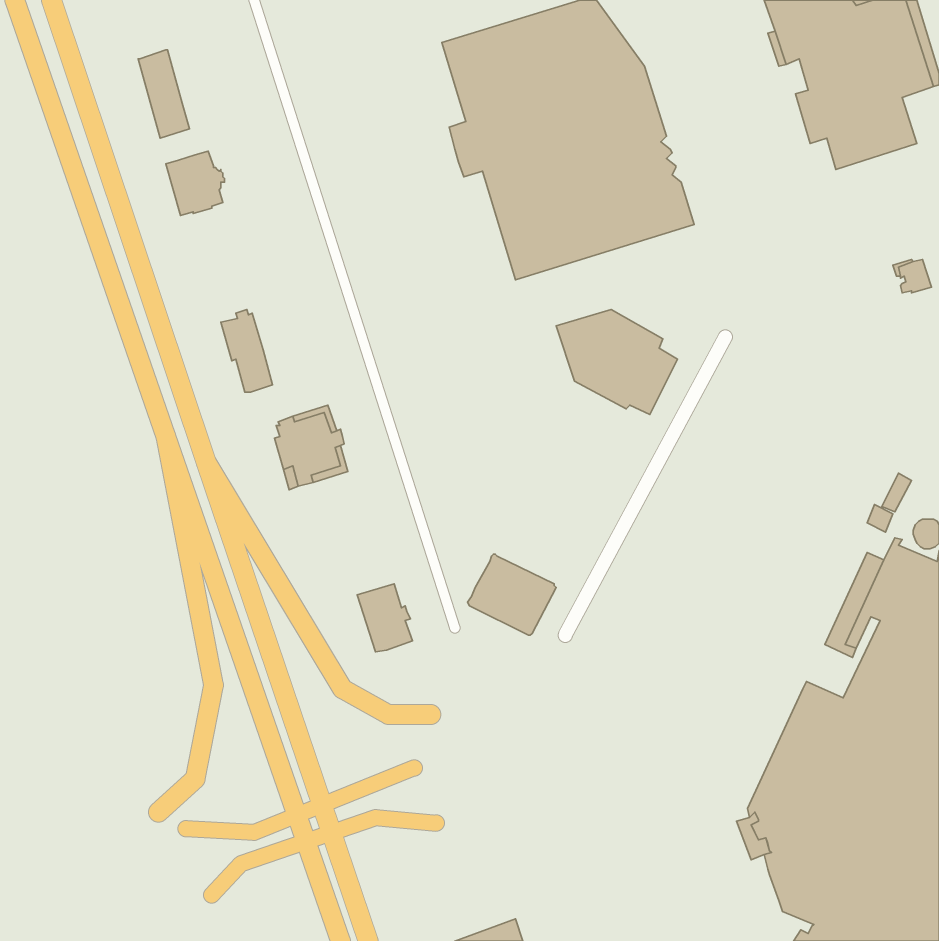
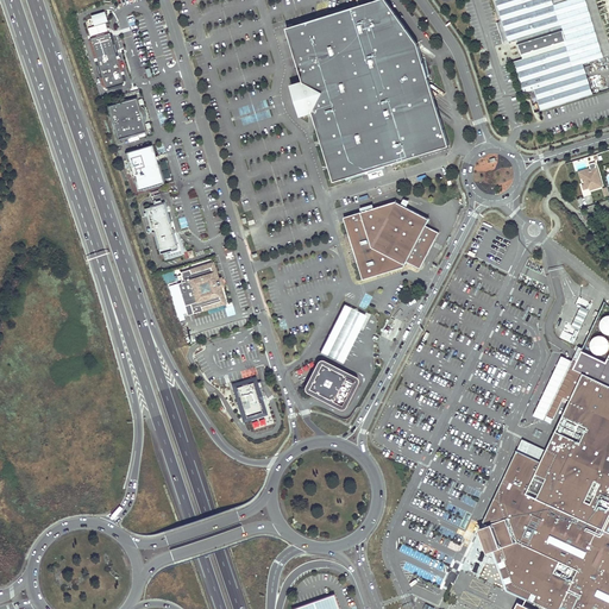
building: none -> [125,145,162,190]
building: none -> [343,211,404,277]
building: none -> [319,304,365,364]

